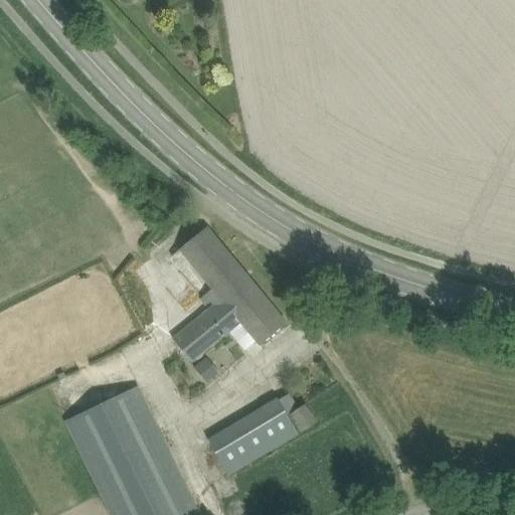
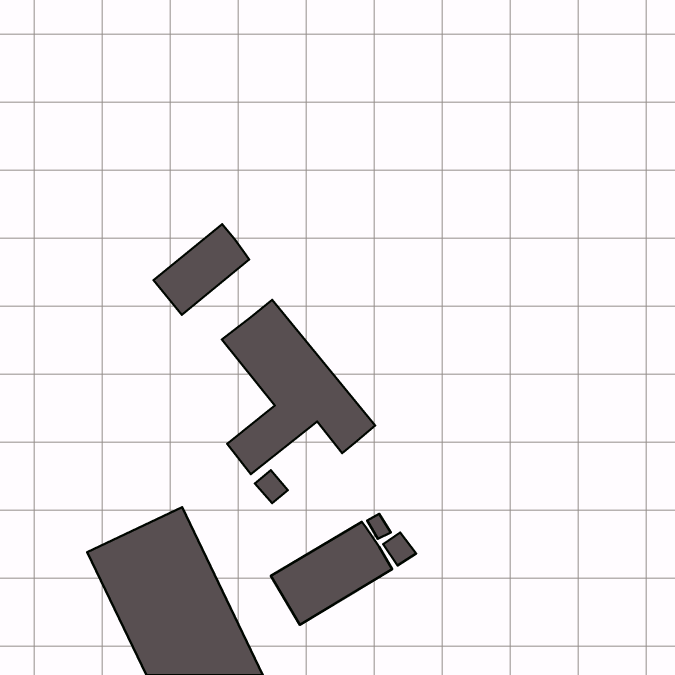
building: none -> [153,224,249,315]

